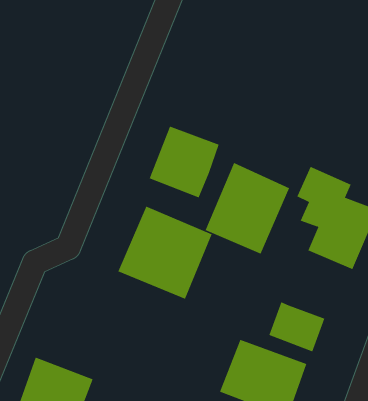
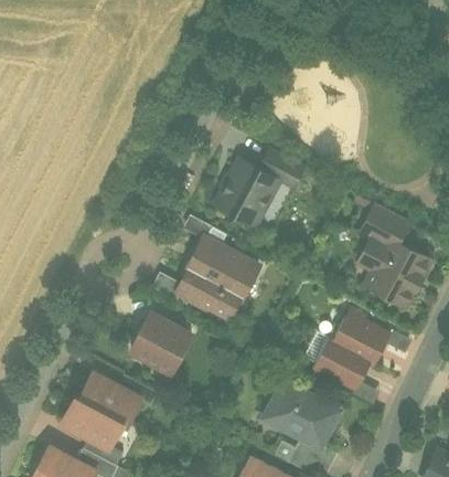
building: [205,162,290,254] -> none
building: none -> [336,314,392,362]
building: none -> [125,308,199,379]

